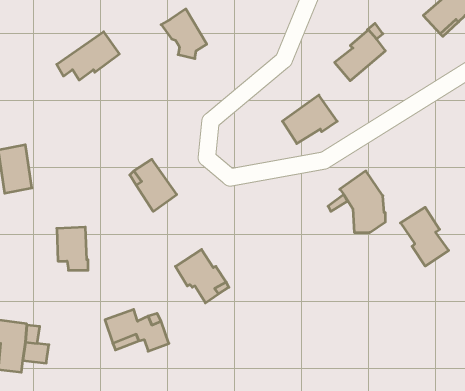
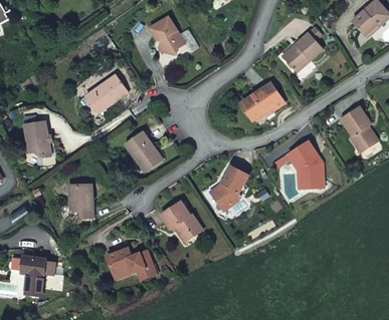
building: [57,32,119,80] -> [79,74,128,111]
building: none -> [211,166,247,210]
building: [400,207,449,266] -> [341,106,378,151]

